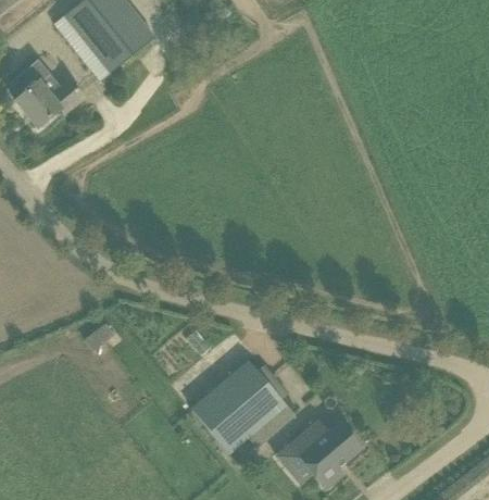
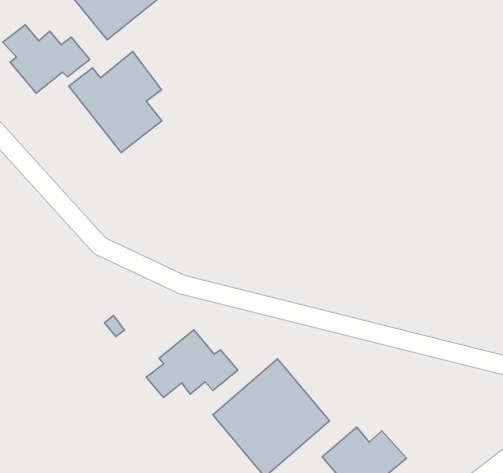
building: none -> [69,51,162,153]
building: none -> [146,330,238,397]

